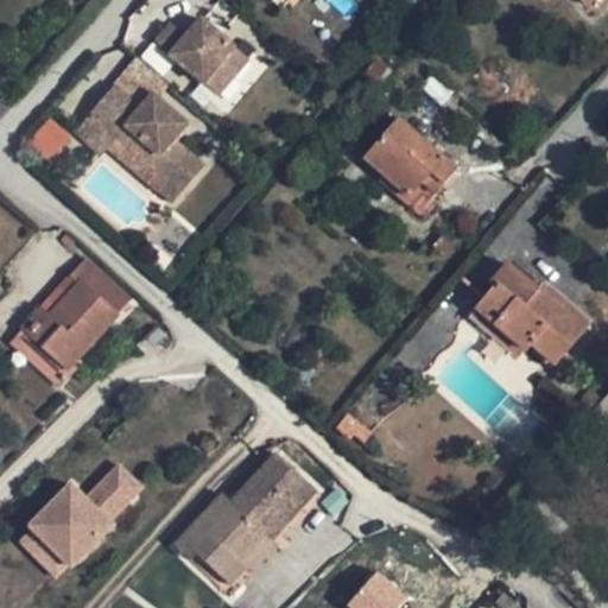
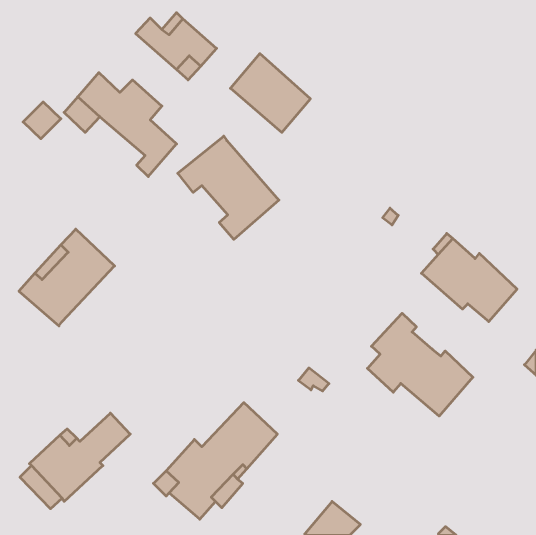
building: [363,119,454,208] -> [230,54,310,132]
building: none -> [178,136,279,239]
building: [10,329,75,387] -> none
building: none -> [367,313,473,416]

